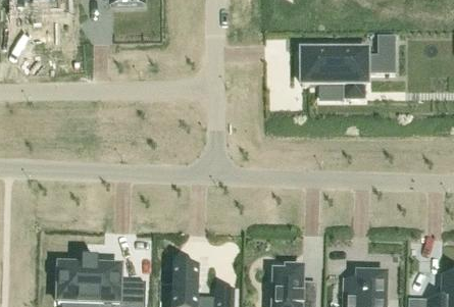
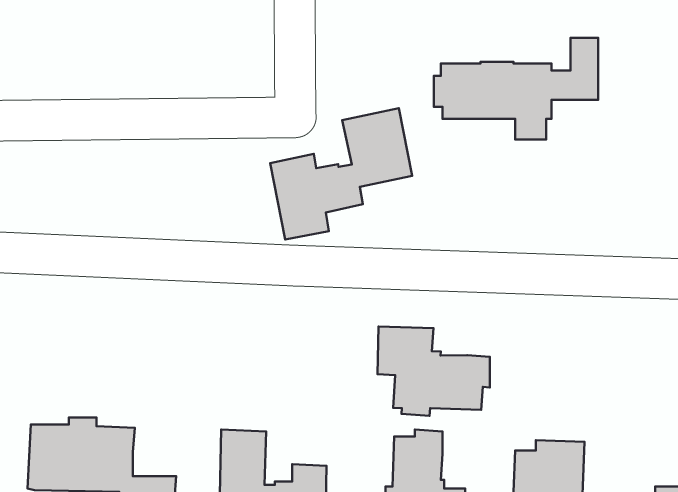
building: none -> [270,108,412,239]
building: none -> [377,326,490,416]

